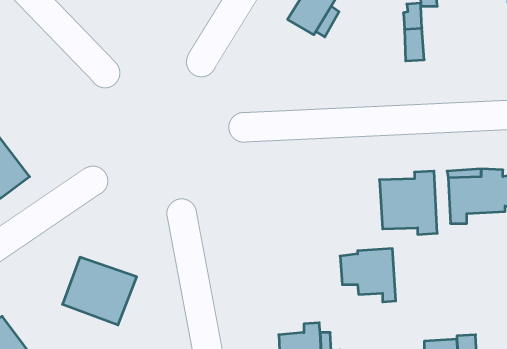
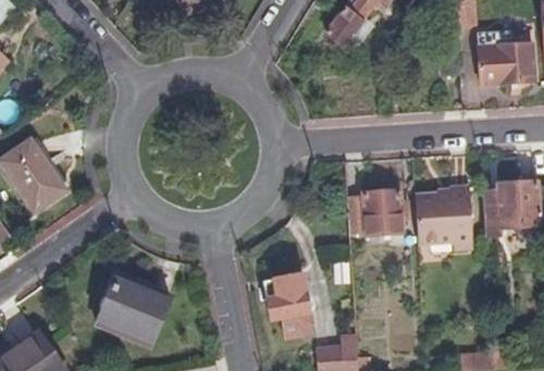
building: none -> [478,30,535,83]
building: [340,249,396,302] -> [350,190,406,244]
building: none -> [258,276,301,341]

